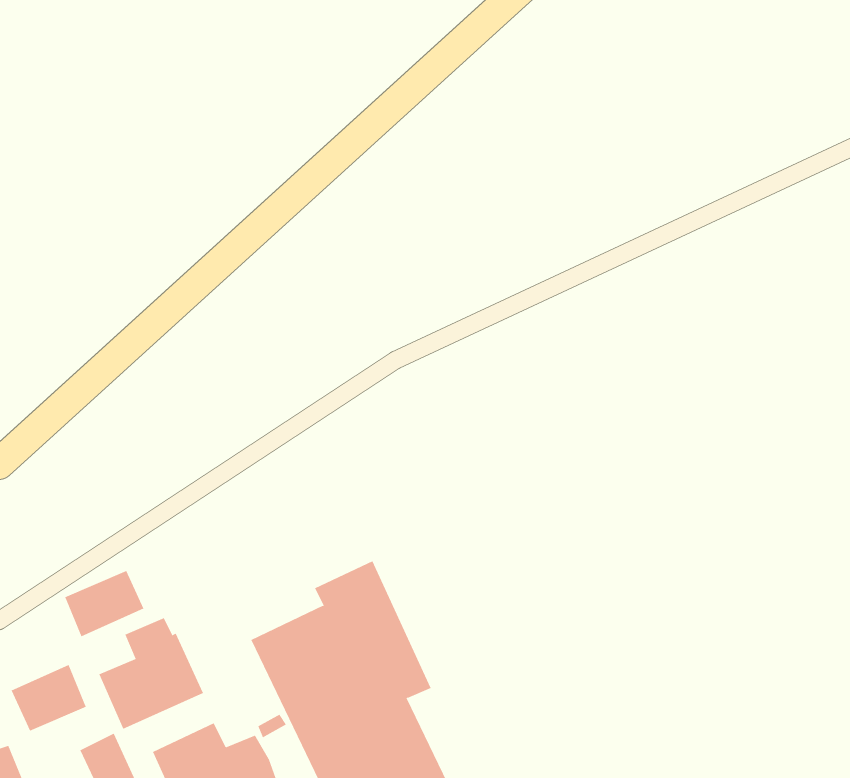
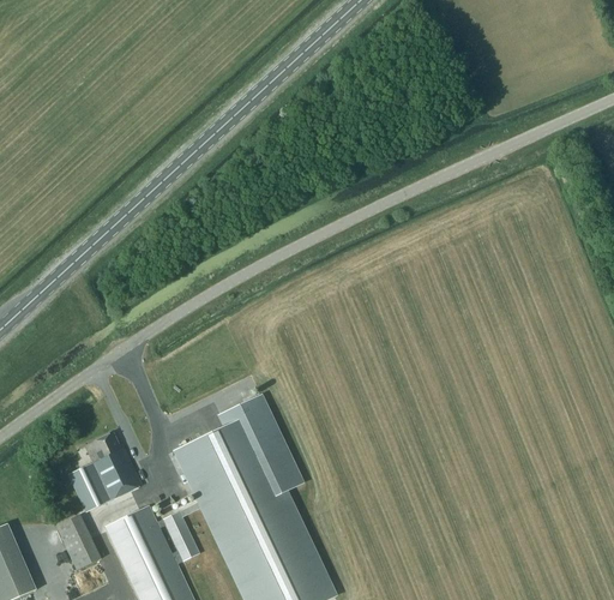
building: [65,570,144,637] -> none
building: [11,664,87,732] -> none

